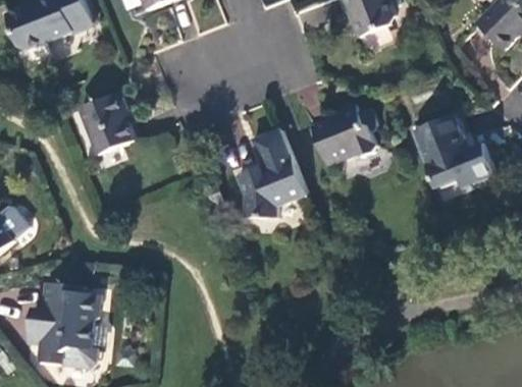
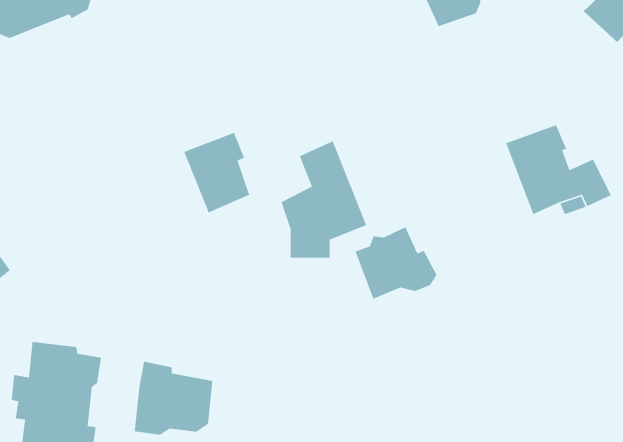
building: [80,94,132,157] -> [183,132,250,213]
building: [314,107,378,164] -> [355,226,437,300]
building: none -> [134,361,213,435]

